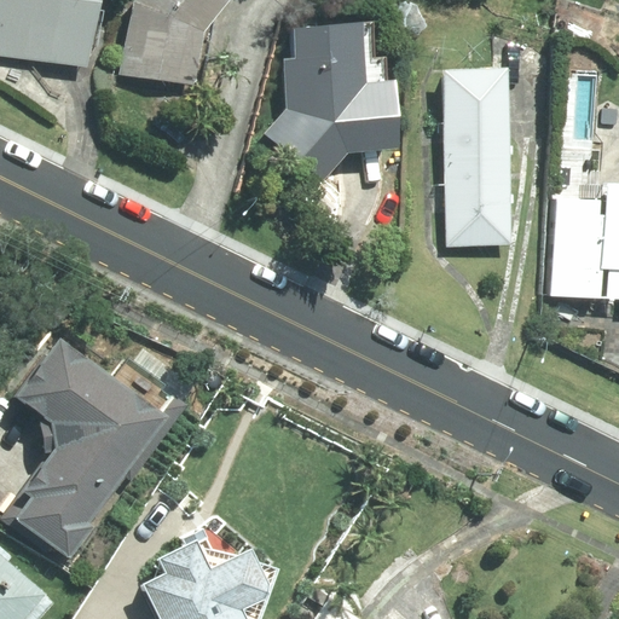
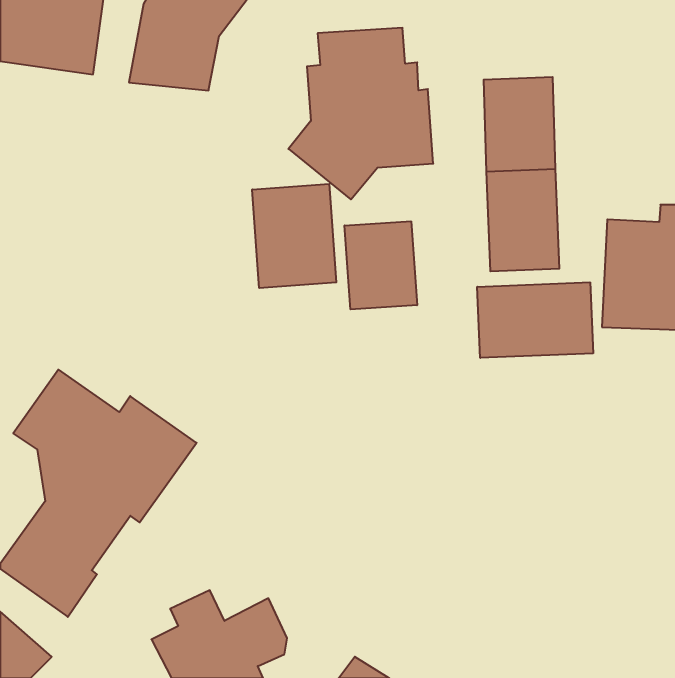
building: none -> [252,184,336,288]
building: none -> [345,221,417,309]
building: none -> [477,282,593,358]

